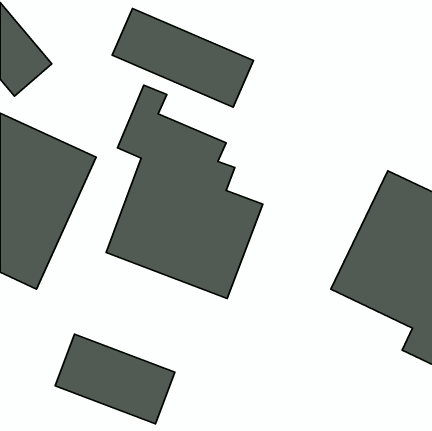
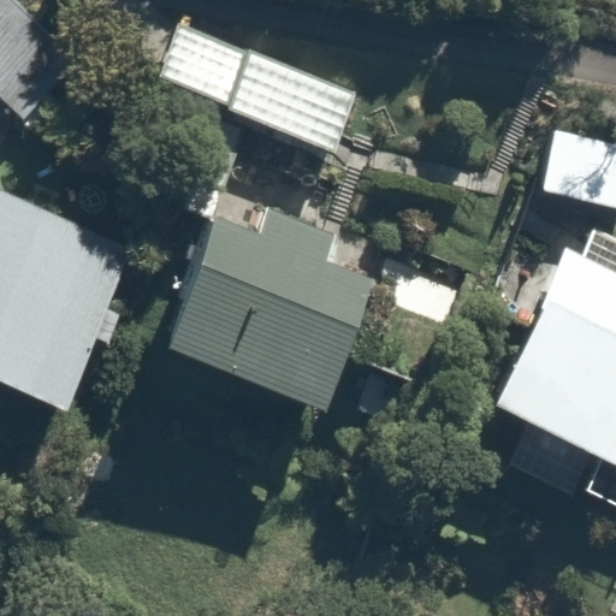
building: [55,334,175,424] -> none

